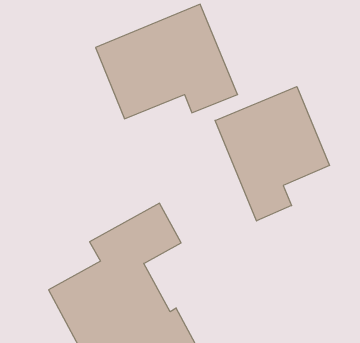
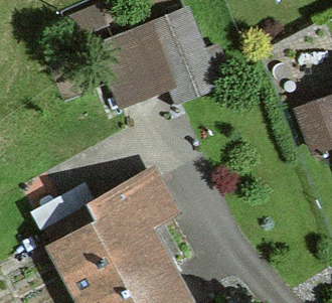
building: [215,87,330,221] -> none

